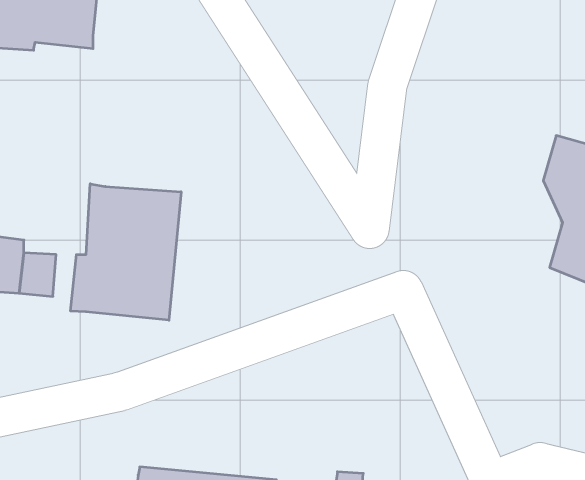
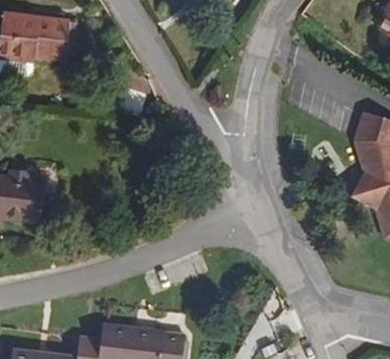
building: [71,184,181,320] -> none

